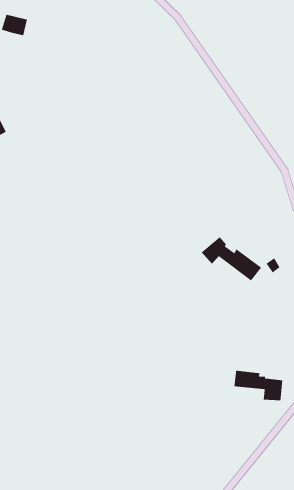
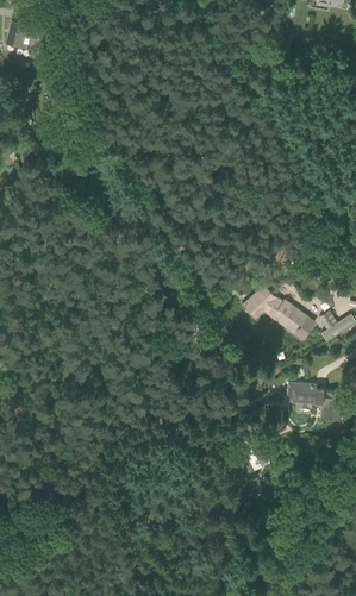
building: [234,370,283,401] -> [285,381,343,418]

